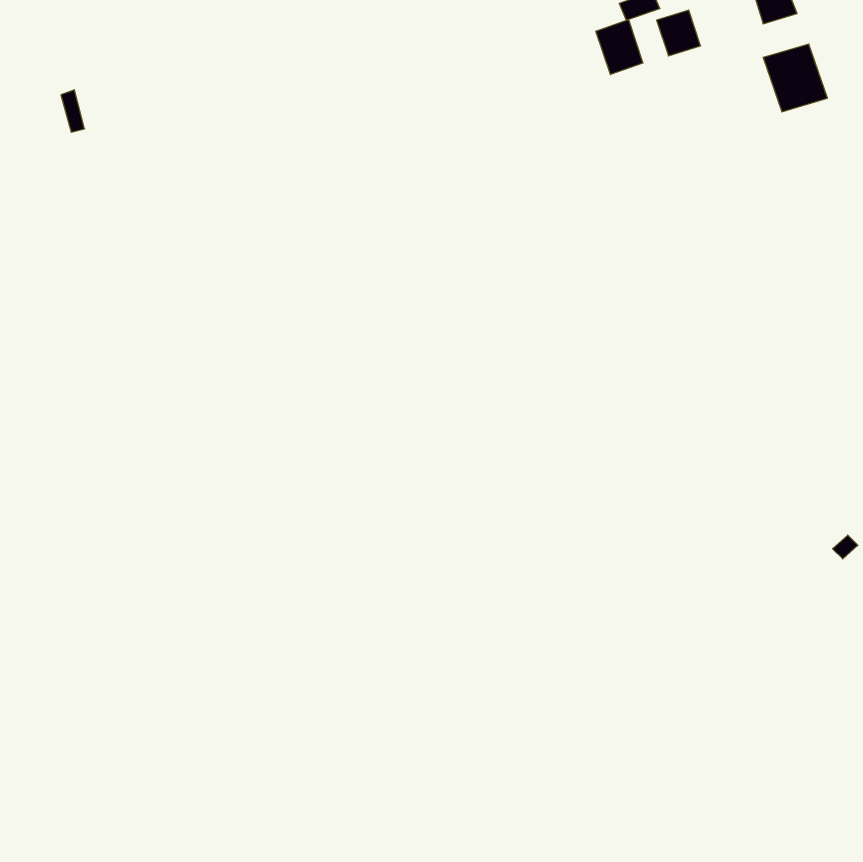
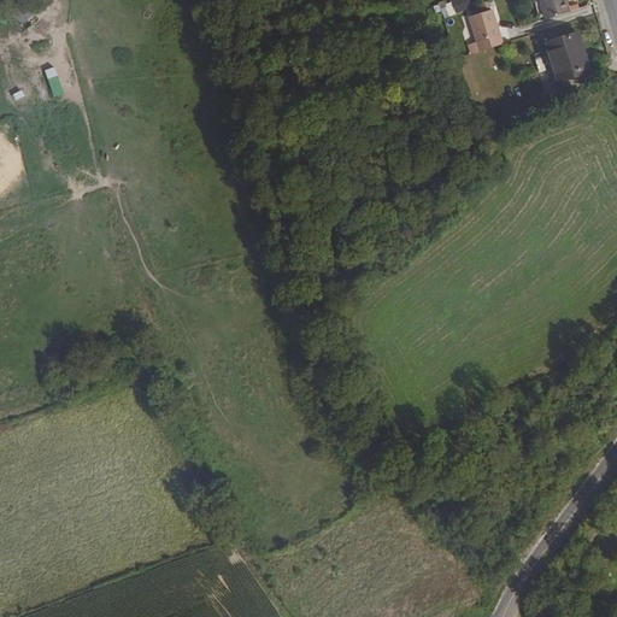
building: [596,20,643,75] -> none

